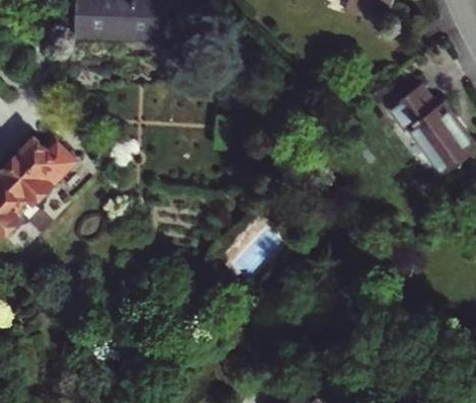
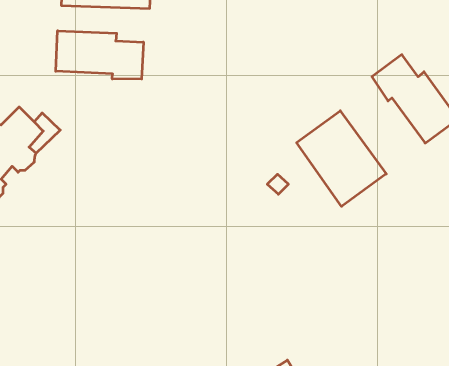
building: none -> [56,31,143,79]
building: none -> [297,111,386,206]

